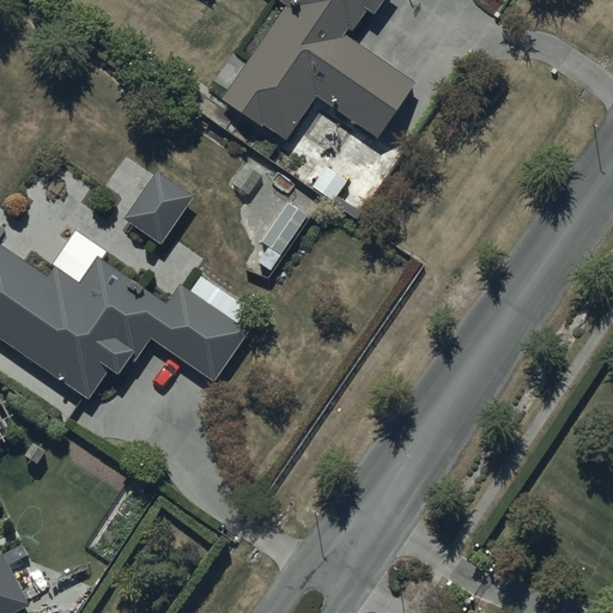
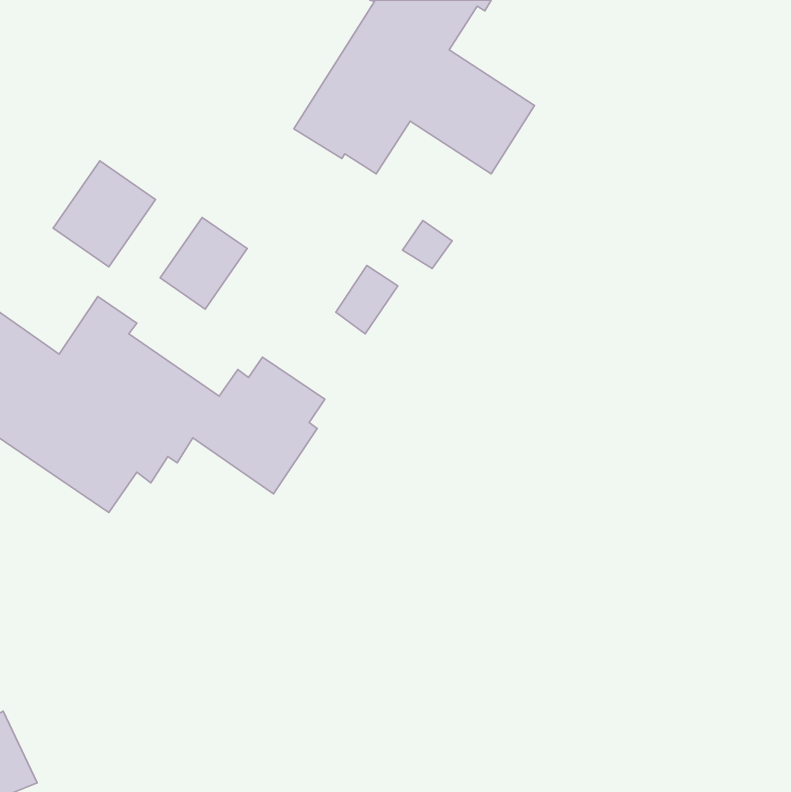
building: none -> [53,161,155,267]

